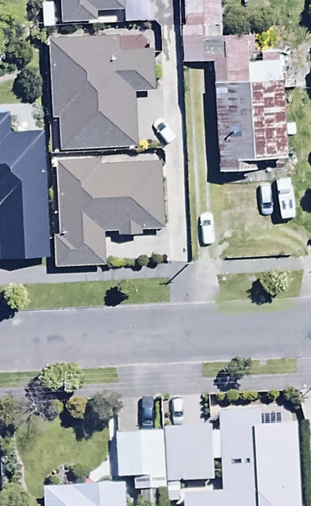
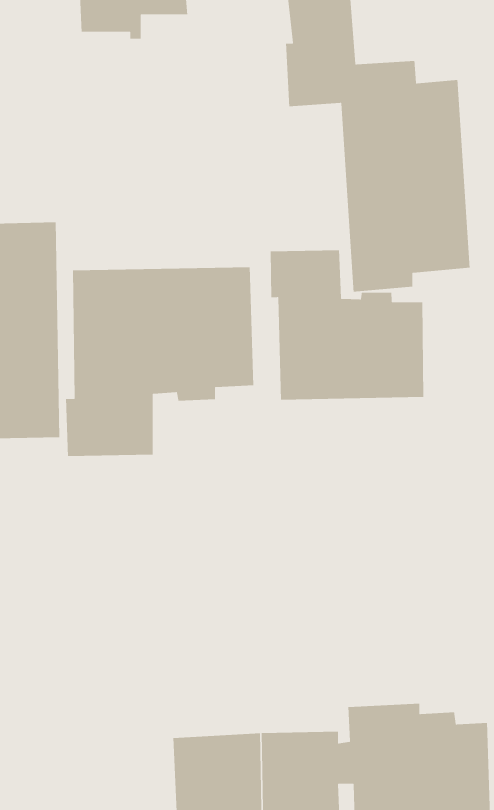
building: [50,36,155,147] -> none
building: none -> [270,249,424,401]

